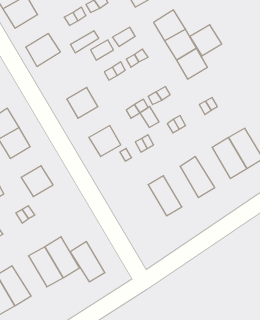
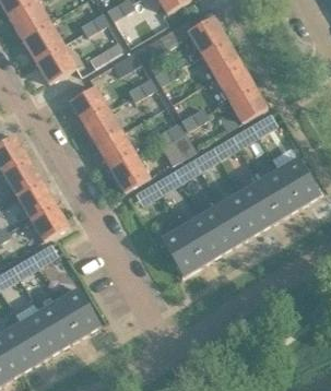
building: none -> [23,22,63,61]
building: [190,25,222,56] -> [229,85,268,122]
building: none -> [71,86,109,123]
building: none -> [98,132,137,169]
building: none -> [17,180,55,217]
building: none -> [239,181,281,229]
building: none -> [201,204,243,252]
building: none -> [162,226,204,275]
building: [70,242,105,282] -> [20,311,61,359]

